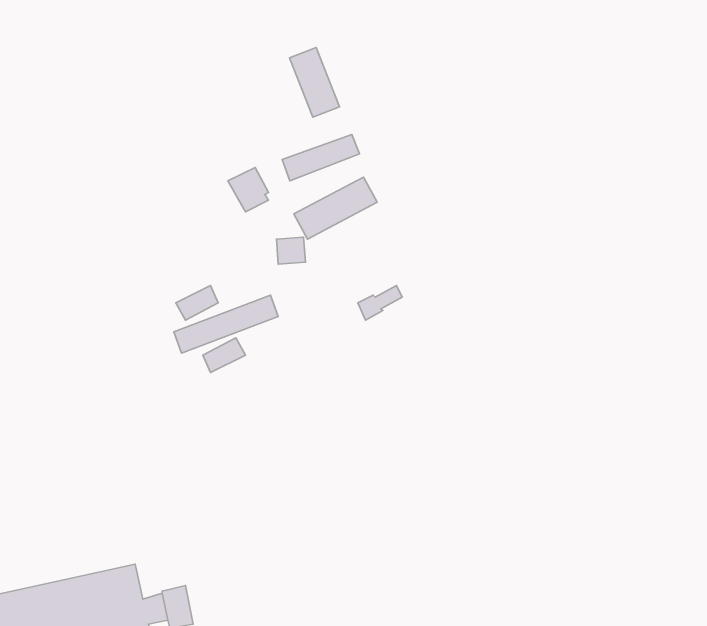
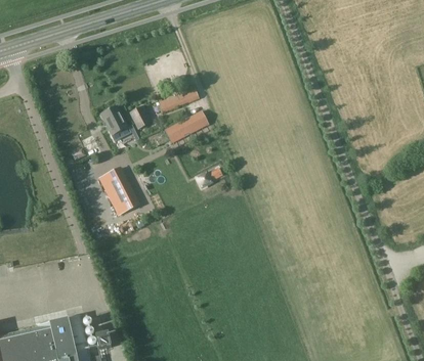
building: [290,48,339,117] -> none
building: none -> [99,105,130,141]

